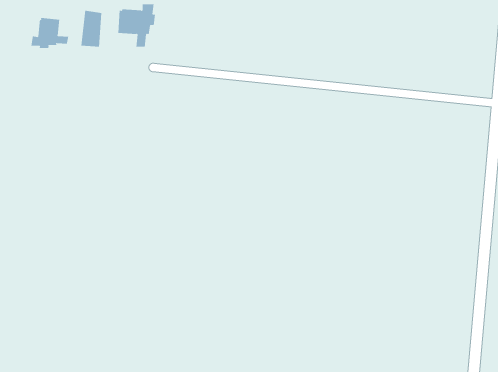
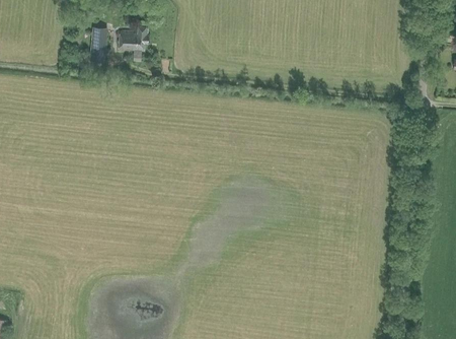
building: [31,17,69,49] -> none

